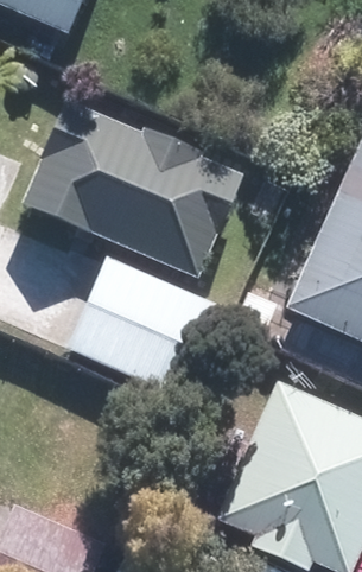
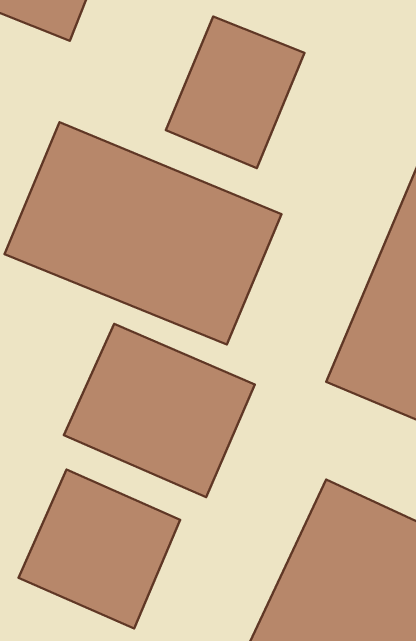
building: none -> [166,17,304,168]
building: none -> [19,469,180,629]

